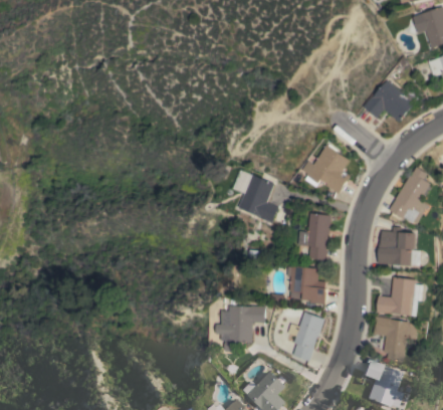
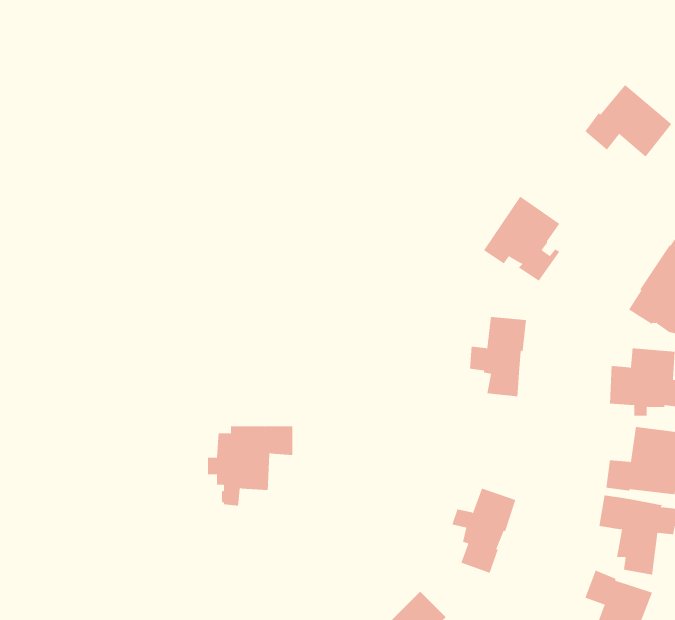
building: [238,174,278,222] -> none
building: [286,265,326,303] -> none
building: [216,305,265,352] -> [207,426,293,506]

